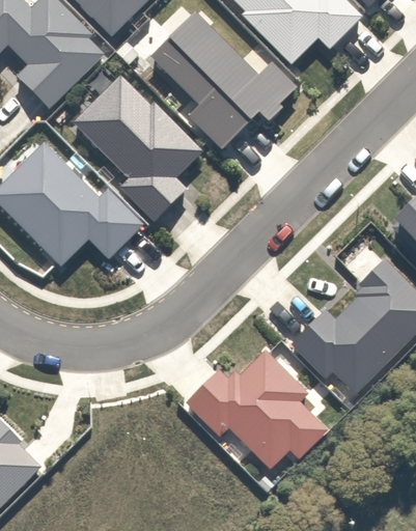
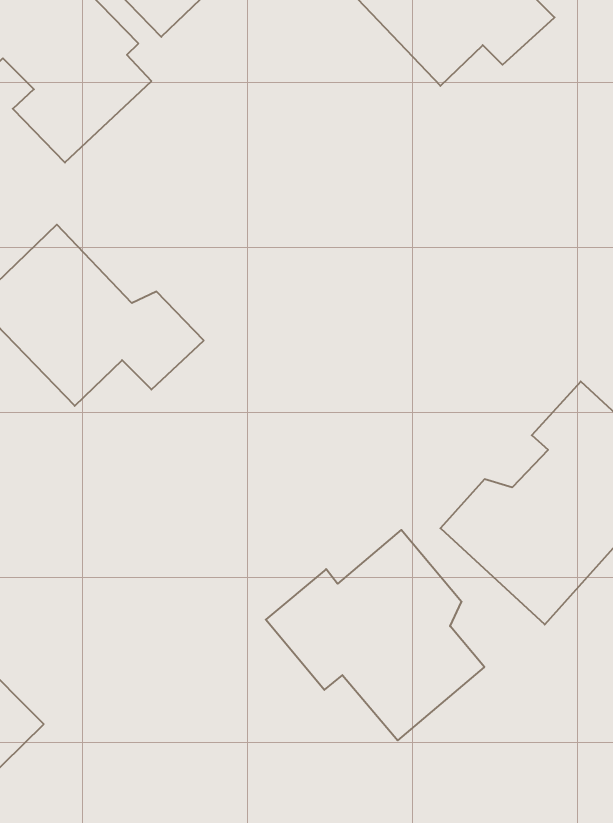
building: [154,15,298,156] -> none
building: [76,77,200,220] -> none

